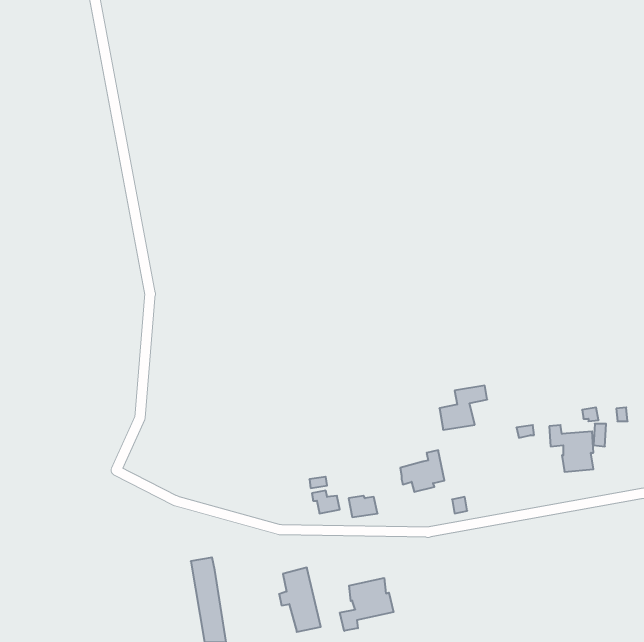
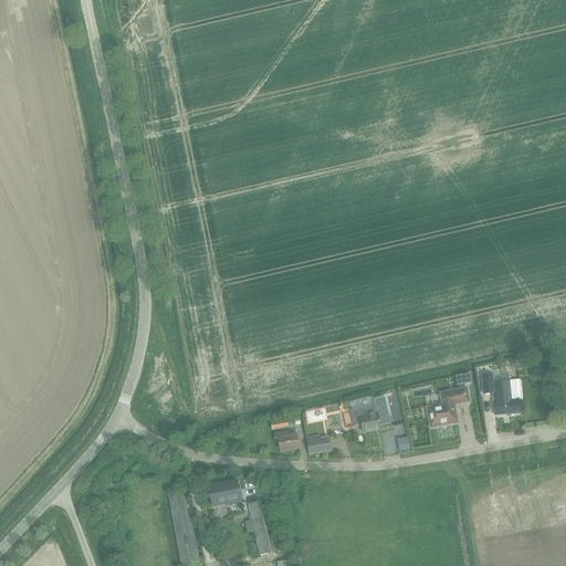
building: [439,386,487,430] -> [426,387,468,426]
building: none -> [207,479,241,505]
building: [340,578,394,631] -> none

